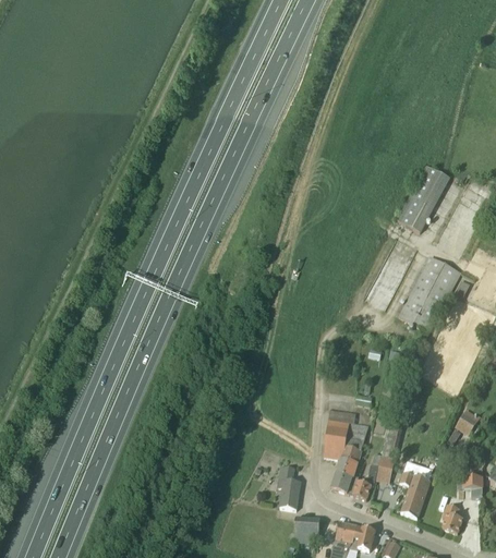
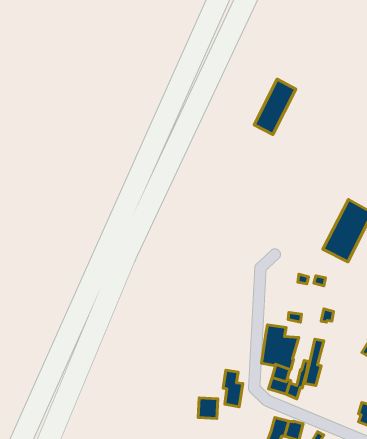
building: [397,165,448,232] -> [254,79,296,135]
building: [400,471,431,518] -> none
building: [294,517,318,542] -> [198,398,218,418]

